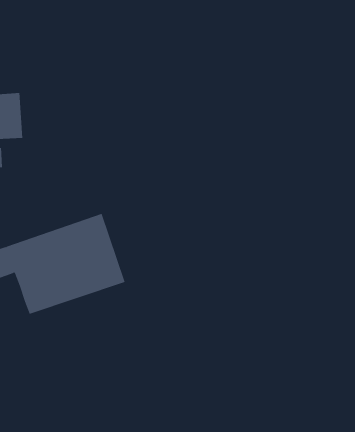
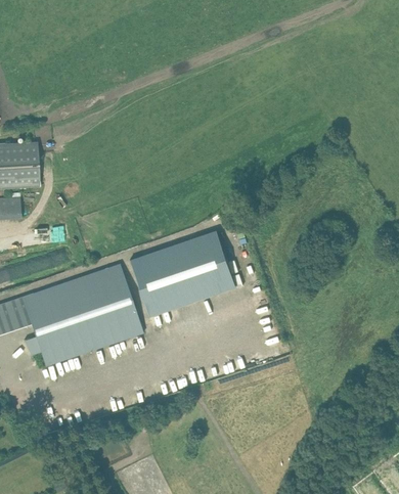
building: none -> [129,230,236,316]

